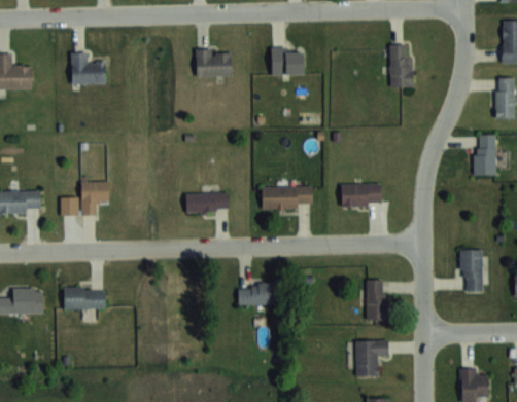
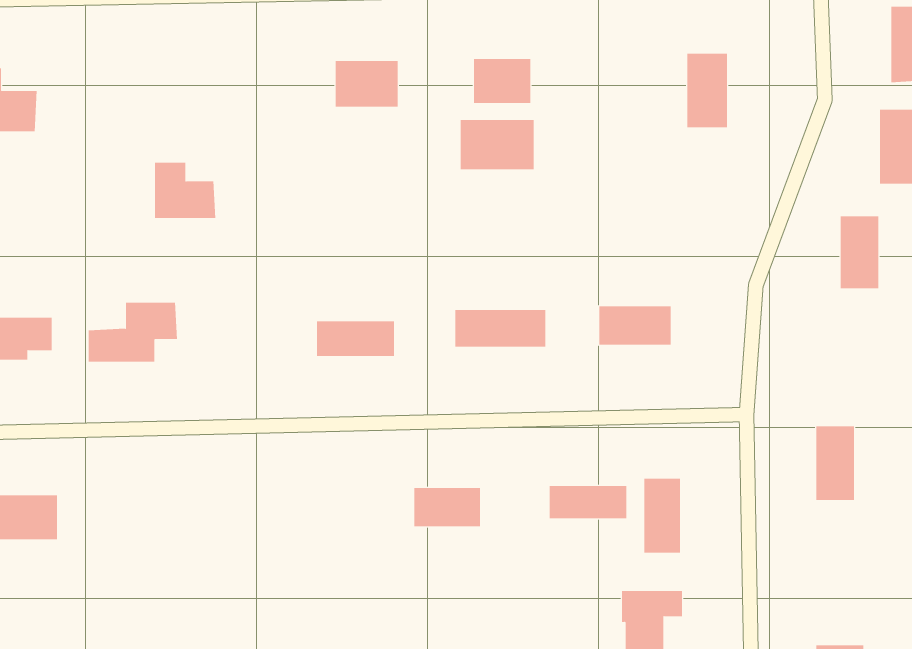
building: [72,52,106,83] -> [154,162,216,218]
building: none -> [460,119,534,170]
building: none -> [549,485,627,519]
building: [65,287,106,308] -> none

